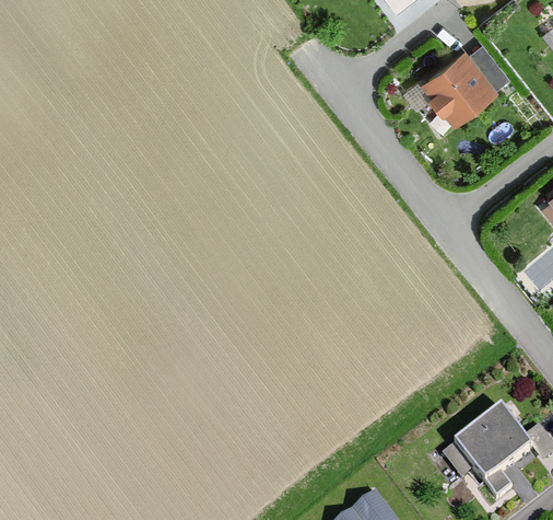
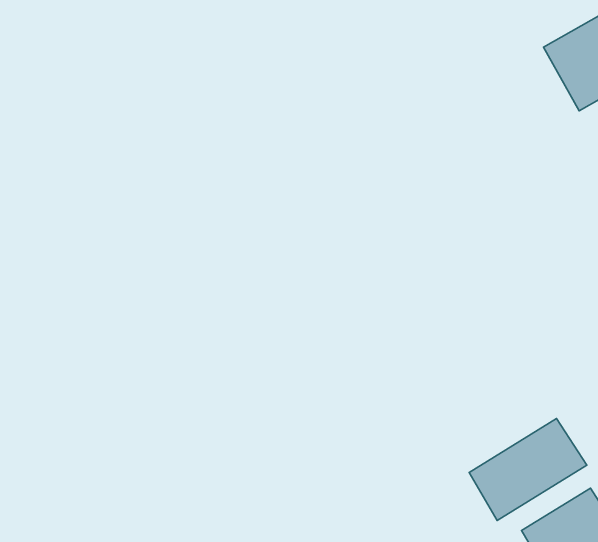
building: none -> [469,419,587,521]

